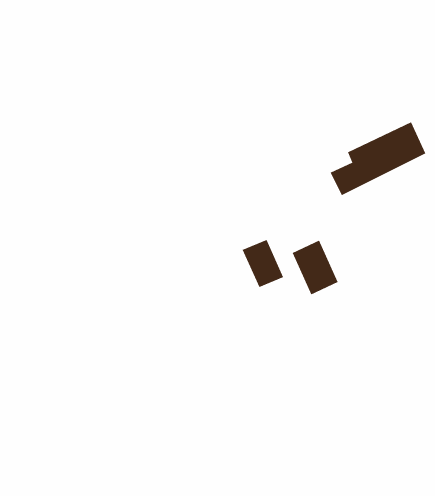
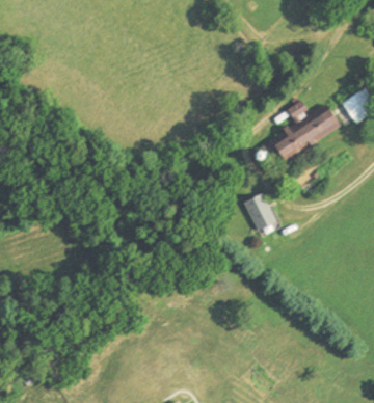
building: [242,239,284,288] -> none

